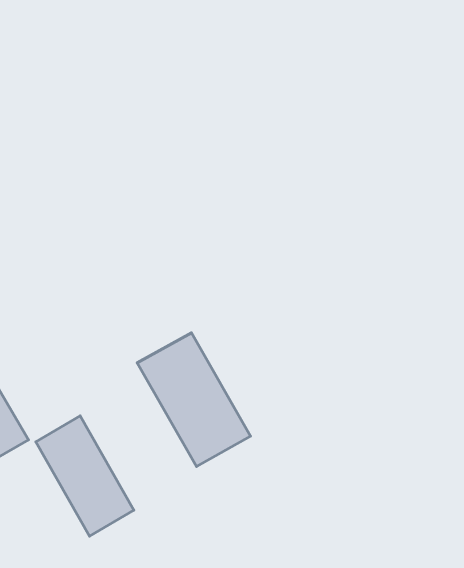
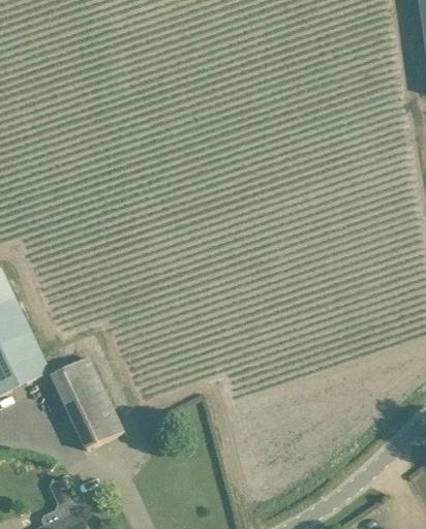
building: [137,333,251,467] -> none

